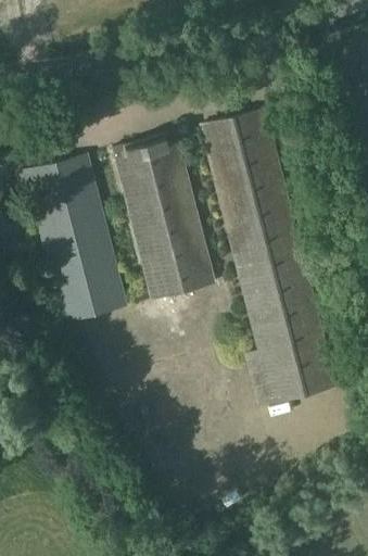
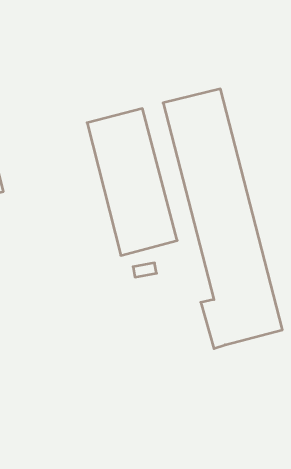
building: [24,154,128,324] -> none

